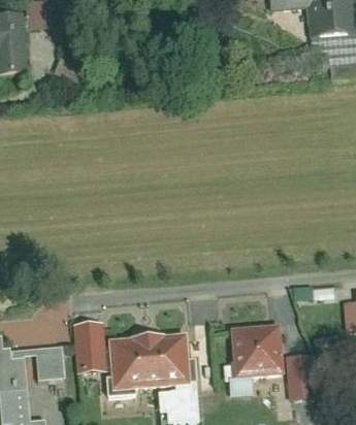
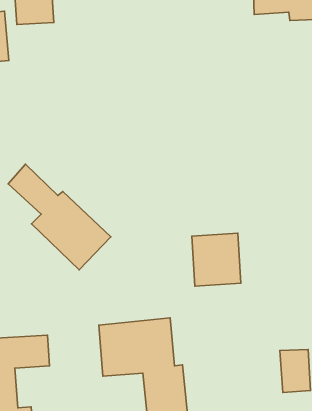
building: none -> [8,164,111,270]
building: [74,320,107,370] -> none
building: [232,321,282,374] -> [192,233,241,286]

